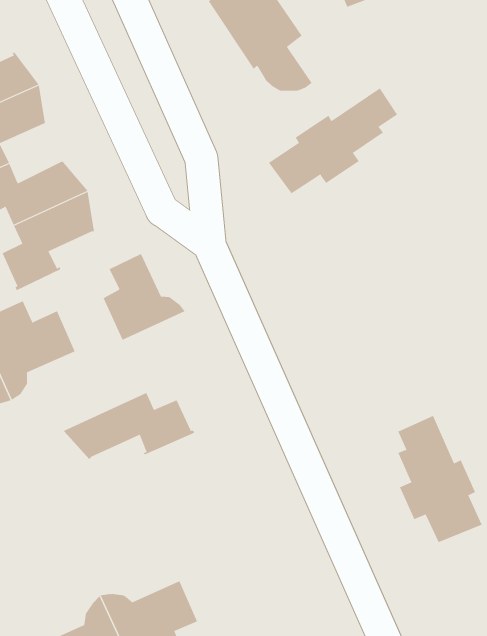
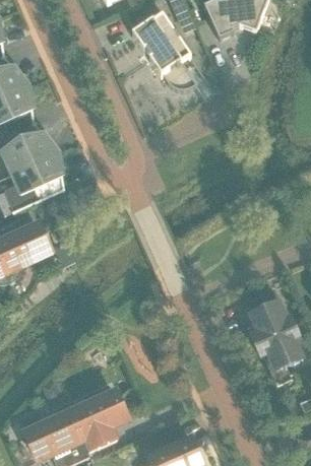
building: [268,88,398,194] -> none
building: [103,253,186,343] -> none
building: [62,392,195,460] -> none

